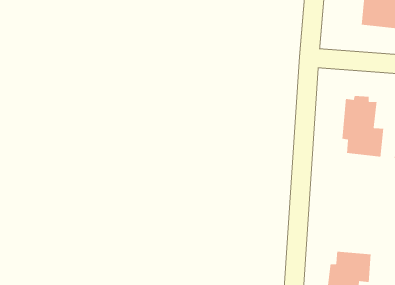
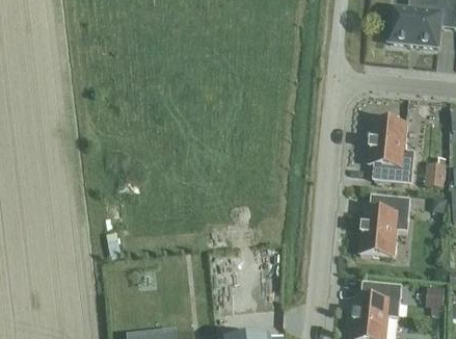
building: none -> [360,194,410,256]

